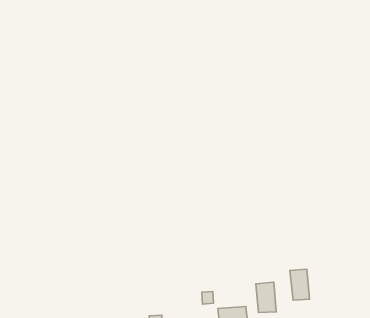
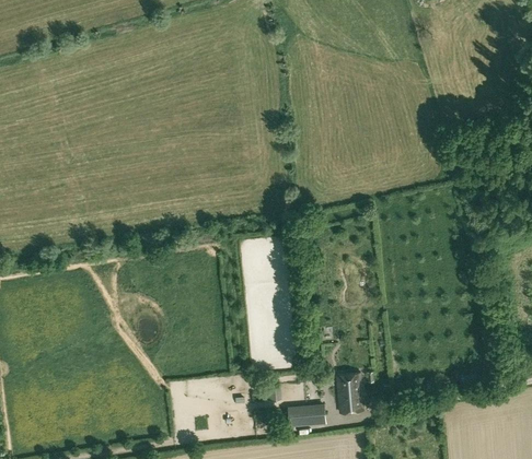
building: [290,269,309,300] -> none

